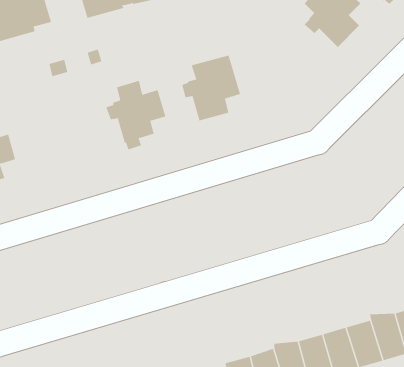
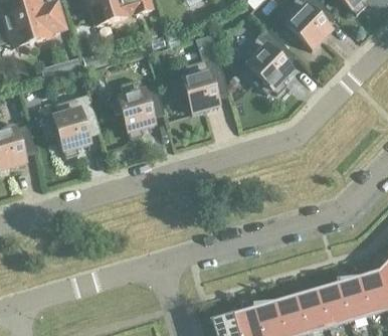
building: none -> [243,25,292,92]
building: none -> [47,92,100,155]

